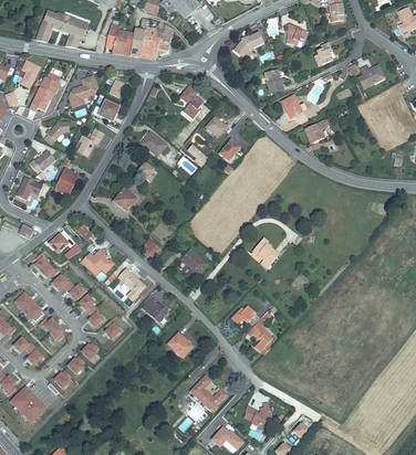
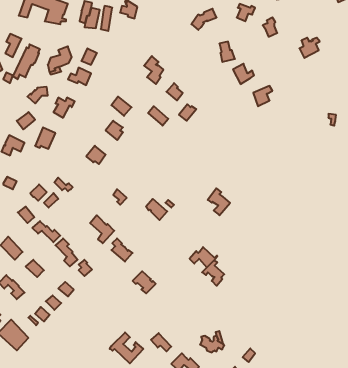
building: [139,25,169,59] -> none
building: [82,251,115,275] -> none
building: [188,374,227,410] -> [110,332,143,363]

